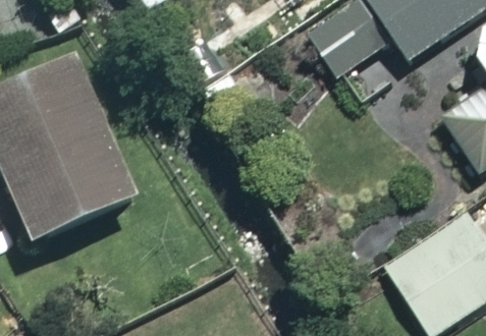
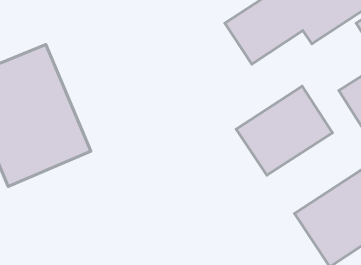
building: none -> [236,86,332,175]

